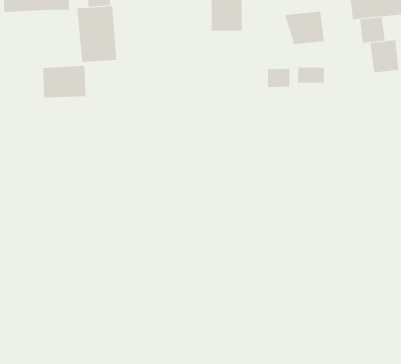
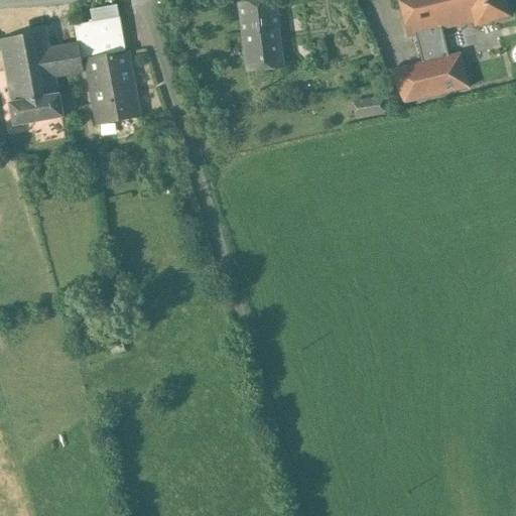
building: [284,11,325,44] -> [388,60,438,103]
building: [43,65,86,98] -> [6,73,60,116]
building: [267,68,290,88] -> none

